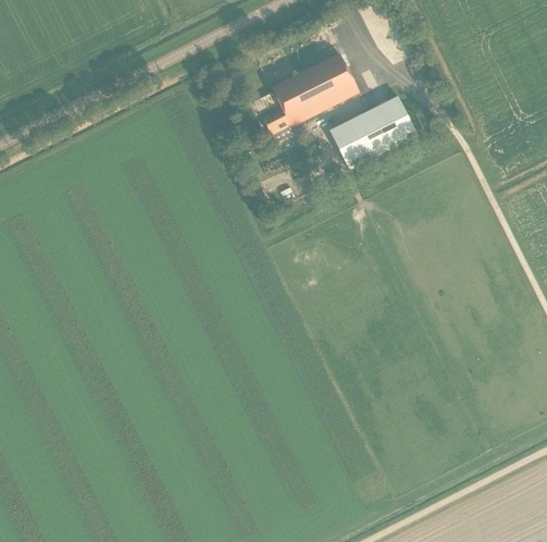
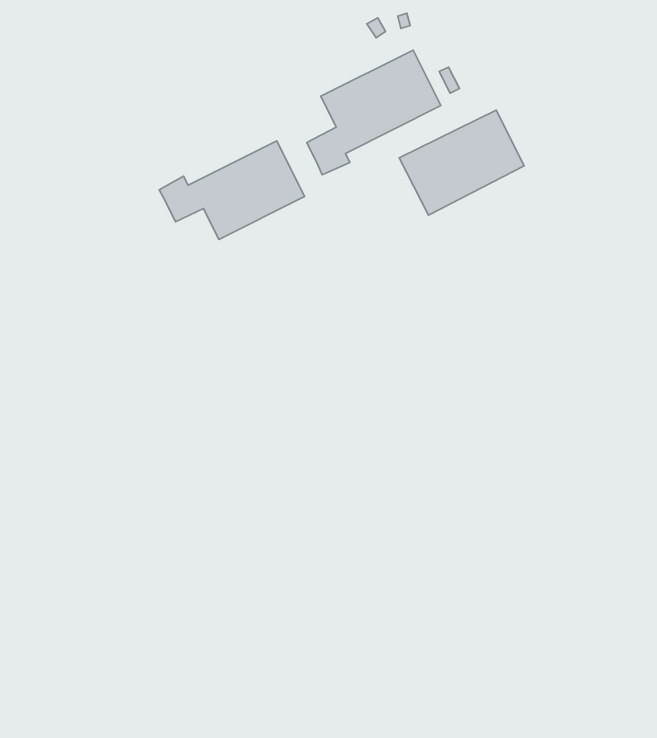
building: none -> [159,141,305,239]

